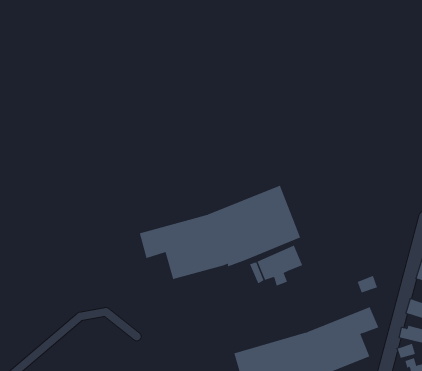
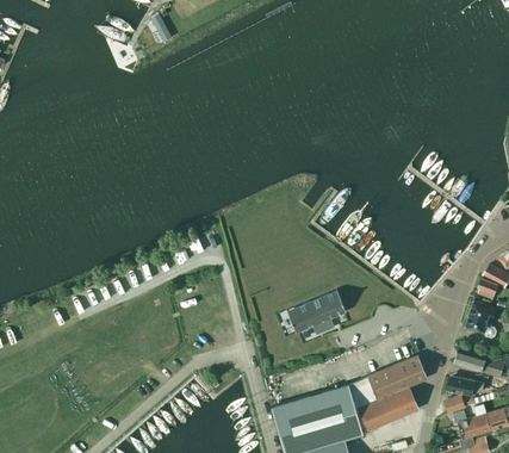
building: [139,185,301,280] -> none

